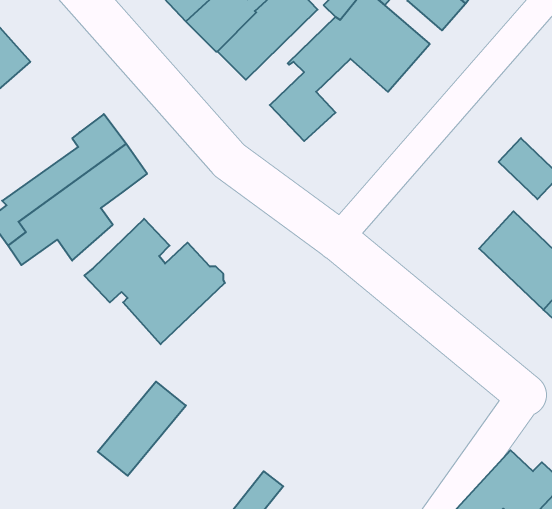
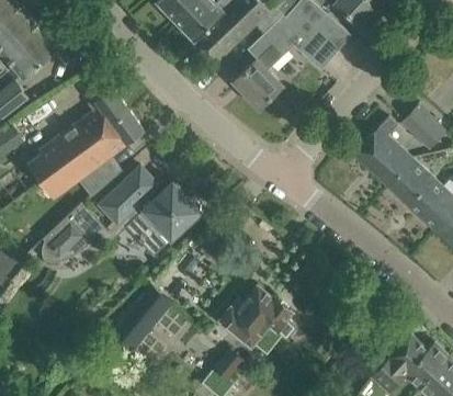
building: none -> [353,117,412,186]
building: none -> [47,197,101,252]
building: none -> [219,285,296,352]

